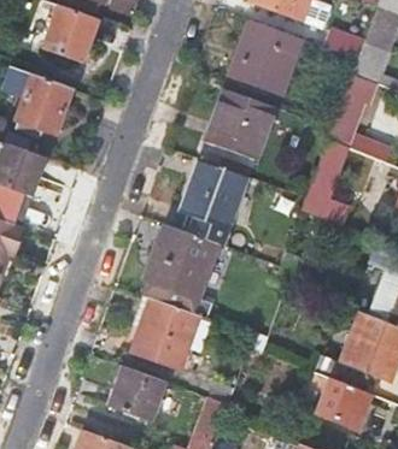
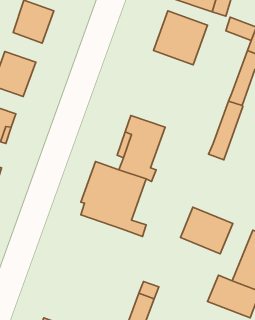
building: [205,89,271,158] -> none
building: none -> [180,207,233,254]
building: [117,293,187,368] -> none
building: [109,365,164,421] -> none

